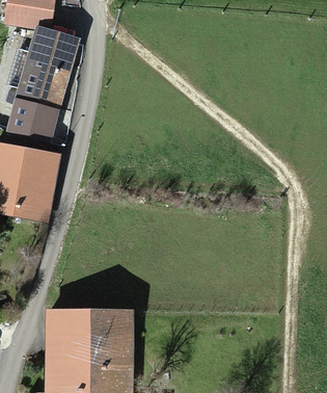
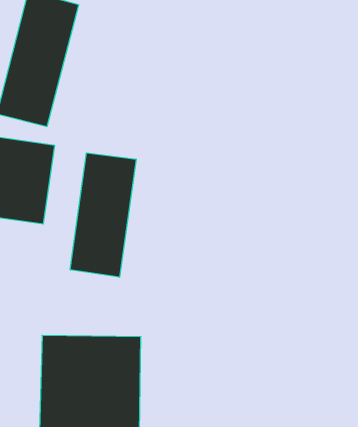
building: none -> [70,153,136,277]

